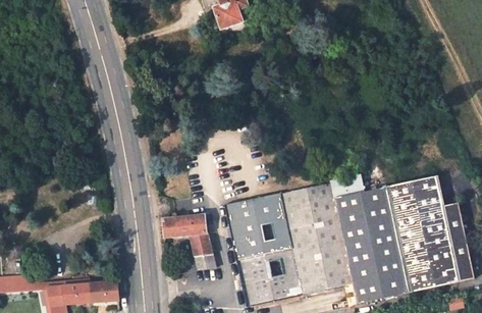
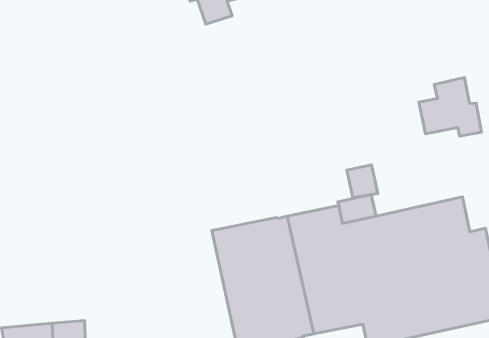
building: none -> [419,77,481,136]
building: none -> [347,165,378,197]
building: [163,212,216,268] -> none

